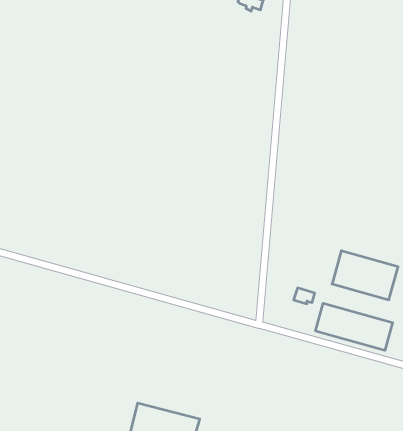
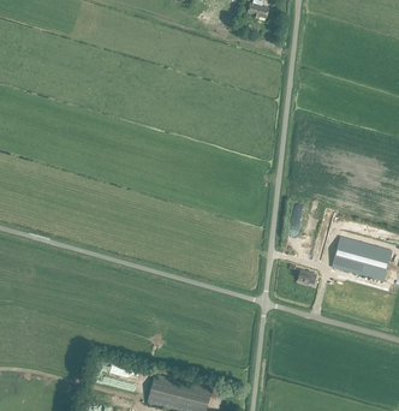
building: [316,303,393,350] -> none

